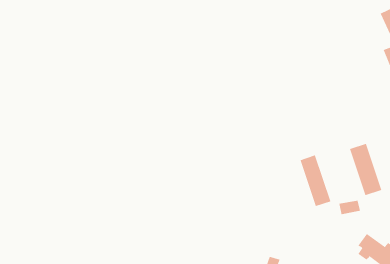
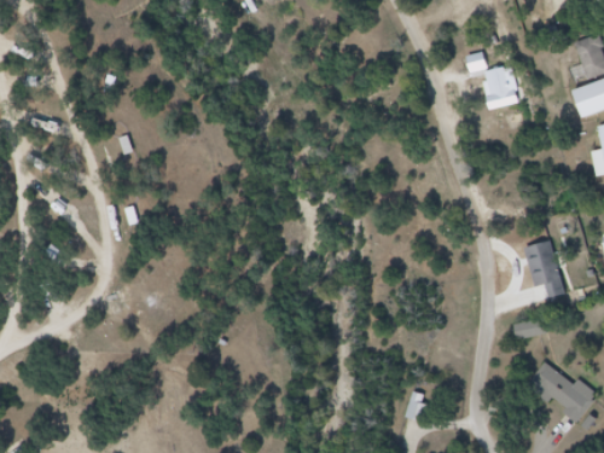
building: none -> [464,48,521,111]
building: [300,155,331,207] -> none

